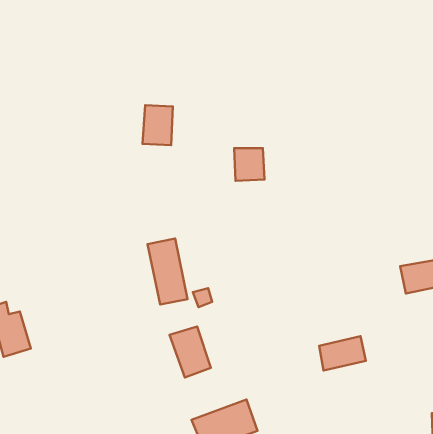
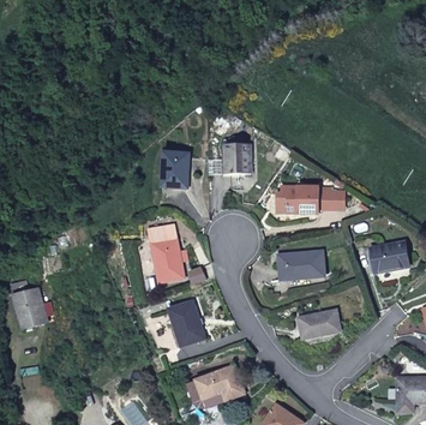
building: [142,105,173,145] -> [162,152,188,187]
building: none -> [281,187,347,212]
building: none -> [278,251,324,280]

